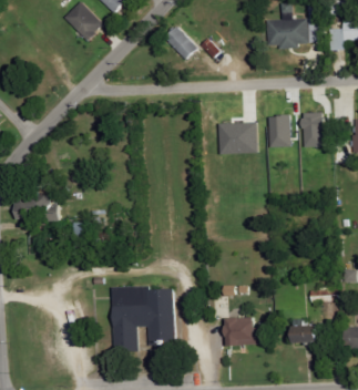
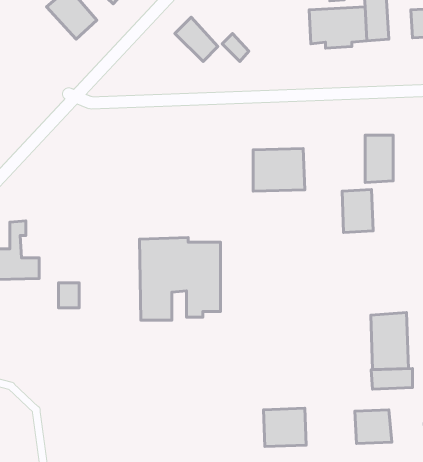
building: [268,116,291,148] -> [342,190,373,232]
building: none -> [371,313,408,369]
building: [113,287,174,349] -> [139,238,220,320]

